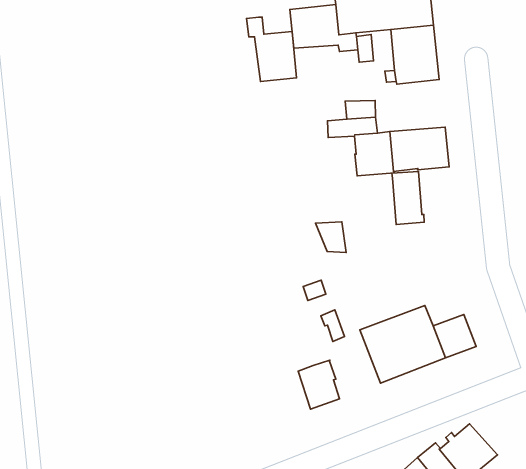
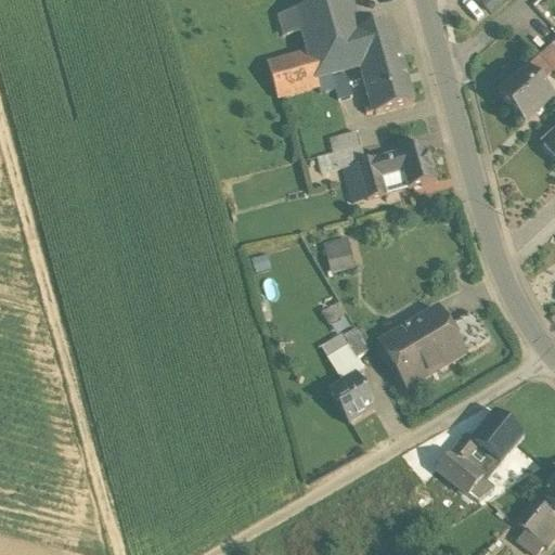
building: [247,17,296,82] -> none
building: [392,172,424,225] -> none
building: none -> [328,341,365,380]

